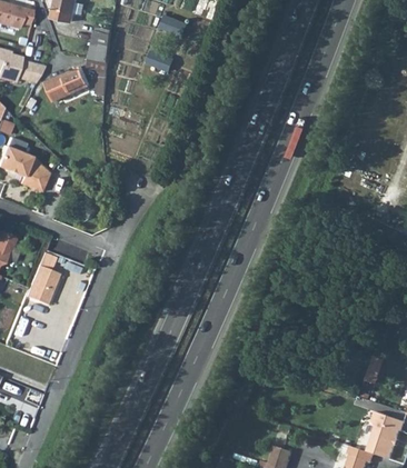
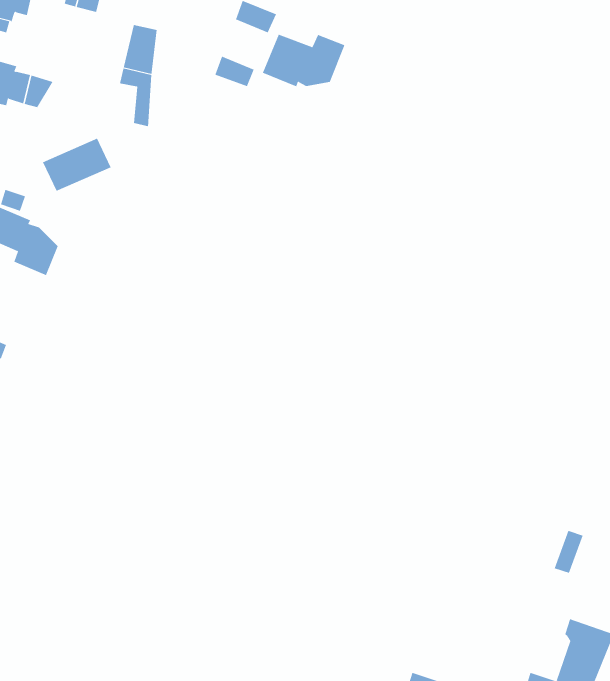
building: none -> [262,34,345,87]
building: [48,67,92,101] -> [42,138,111,192]
building: [27,263,60,302] -> none

